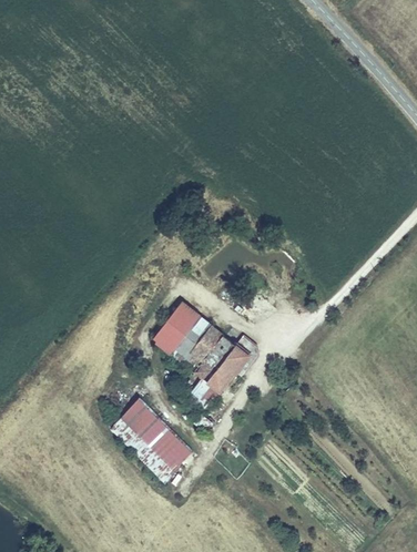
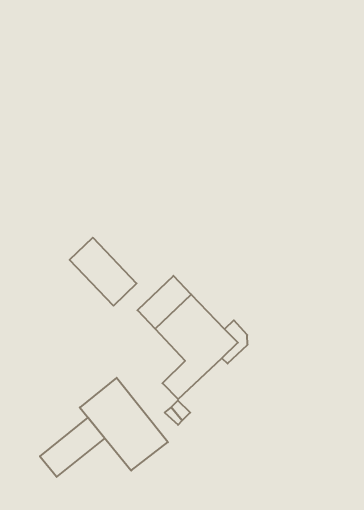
building: none -> [70,238,137,306]
building: none -> [40,418,105,477]

